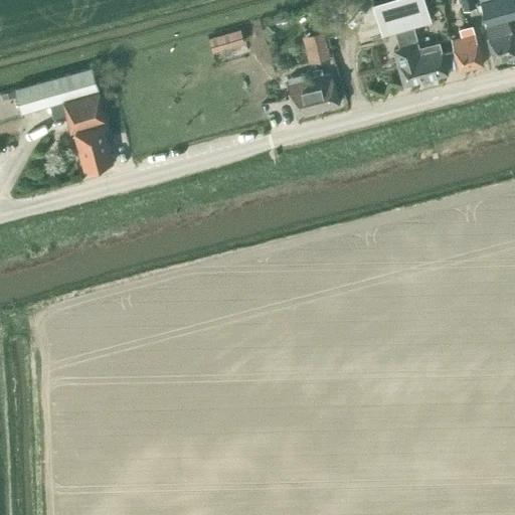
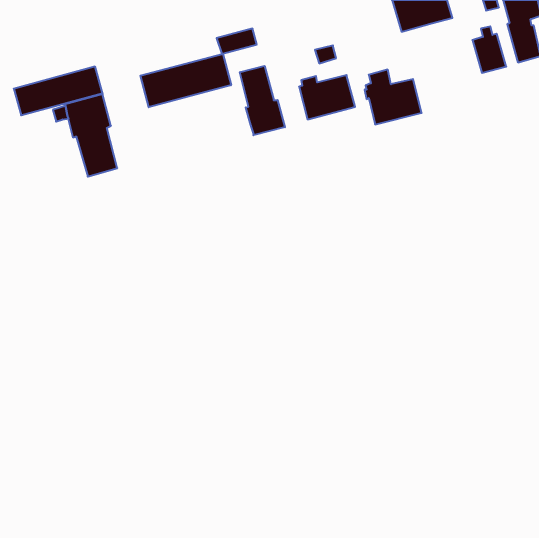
building: [393,33,448,85] -> [365,70,422,124]
building: none -> [140,54,231,107]
building: none -> [240,66,285,135]

